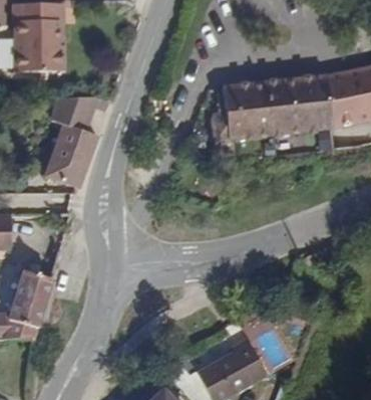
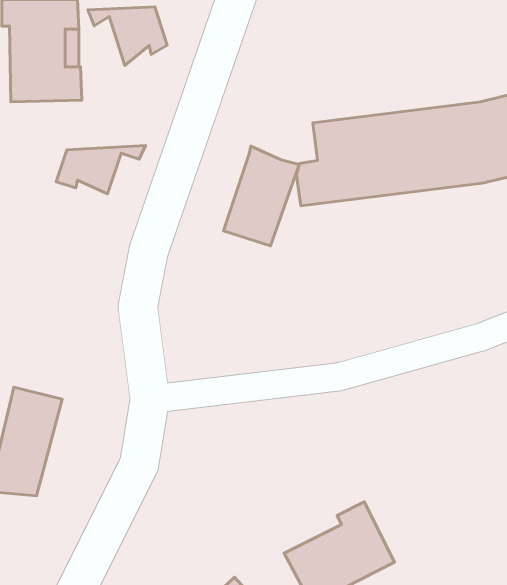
building: none -> [88,7,167,66]
building: [44,126,94,192] -> [224,146,299,246]

